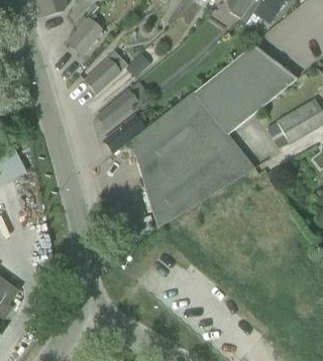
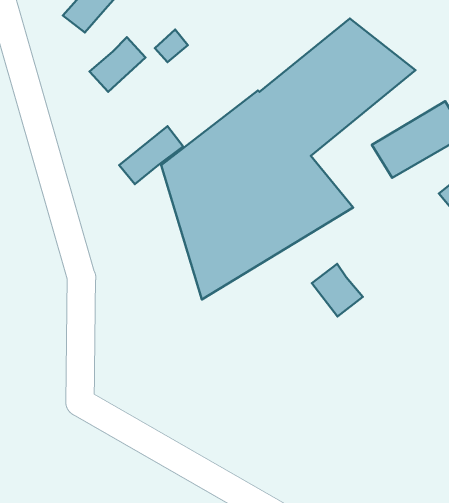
building: [96,91,137,128] -> none
building: none -> [312,264,363,316]

